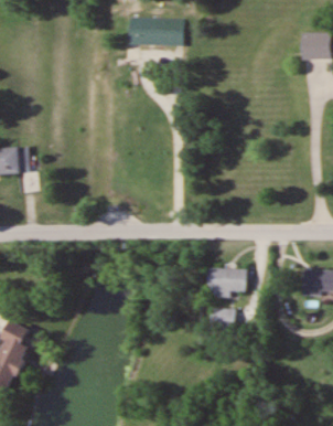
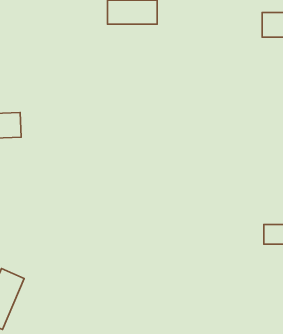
building: [207,269,246,294] -> none
building: [211,309,235,329] -> none

